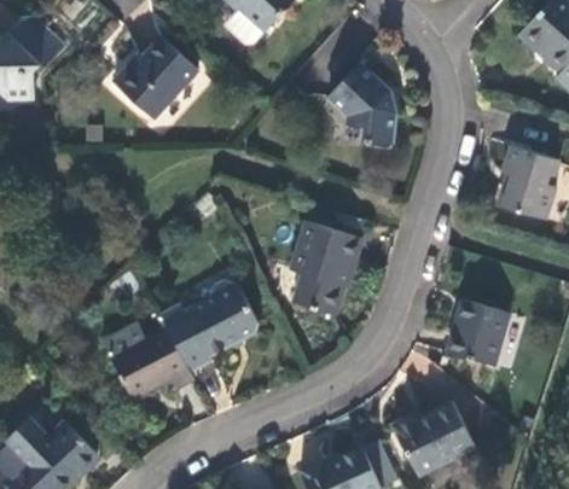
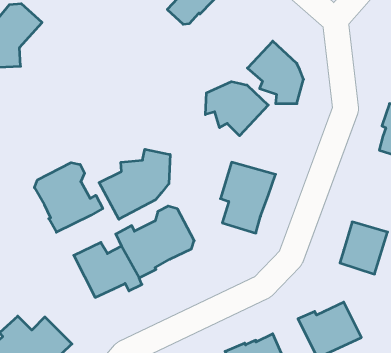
building: [112,39,198,120] -> none
building: none -> [205,82,268,136]
building: none -> [99,149,170,219]
building: none -> [34,163,103,232]

